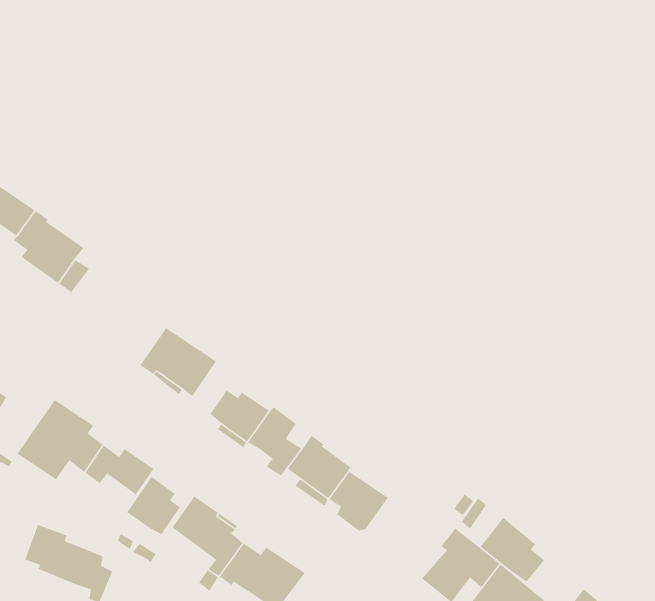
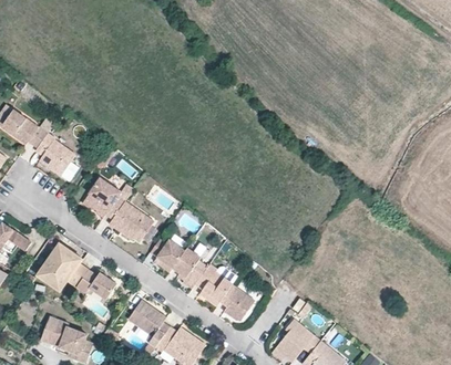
building: none -> [82,177,126,219]
building: [126,476,181,535] -> none
building: [479,517,545,583] -> none

